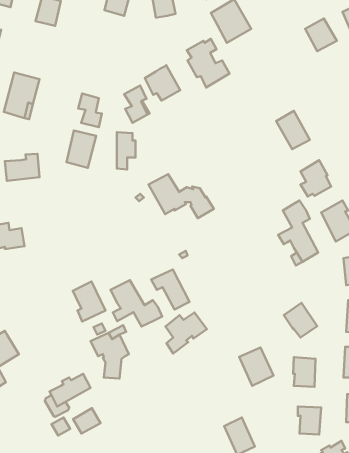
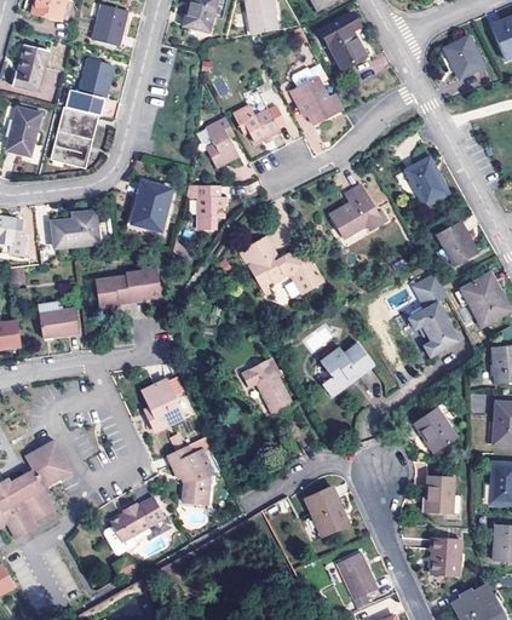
building: none -> [77,59,111,105]
building: [78,94,102,127] -> none
building: none -> [329,182,387,236]
building: none -> [96,268,160,308]
building: [111,280,162,327] -> none
building: [166,312,207,353] -> [321,343,374,396]
building: [239,348,274,386] -> [304,488,349,538]
building: [73,408,100,433] -> none

